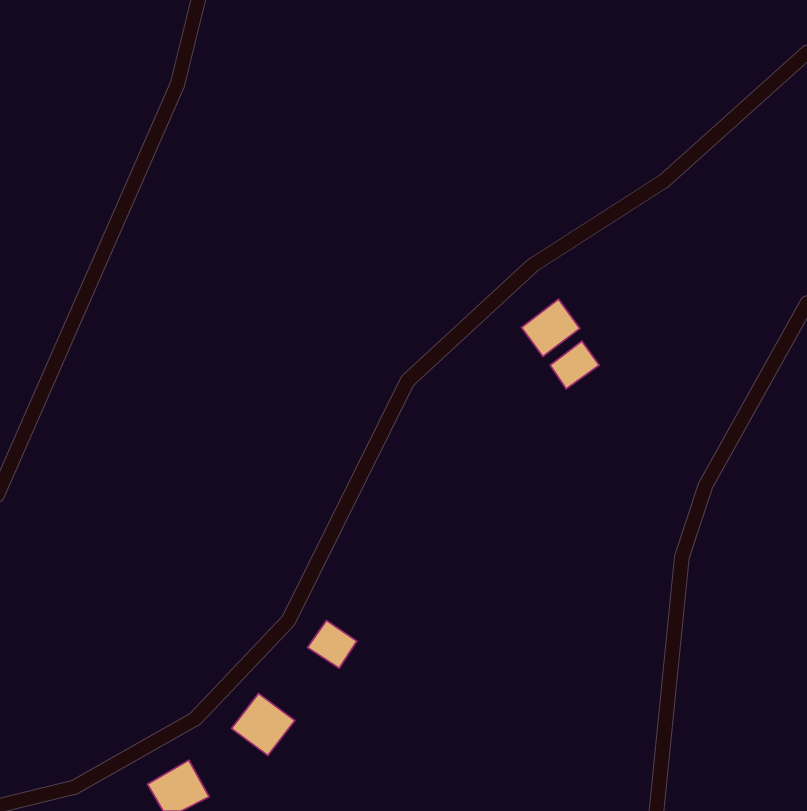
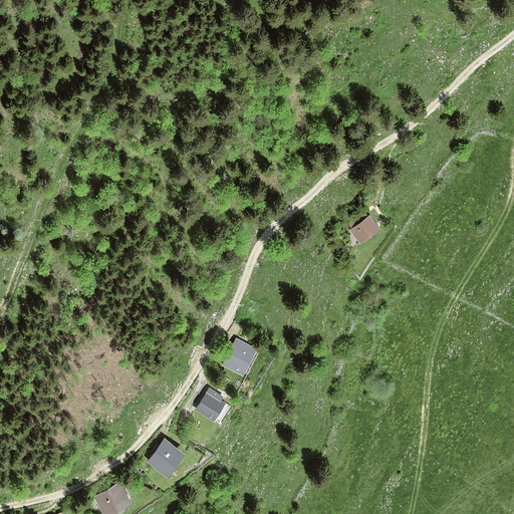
building: [522,299,580,357] -> none
building: none -> [221,337,259,377]

